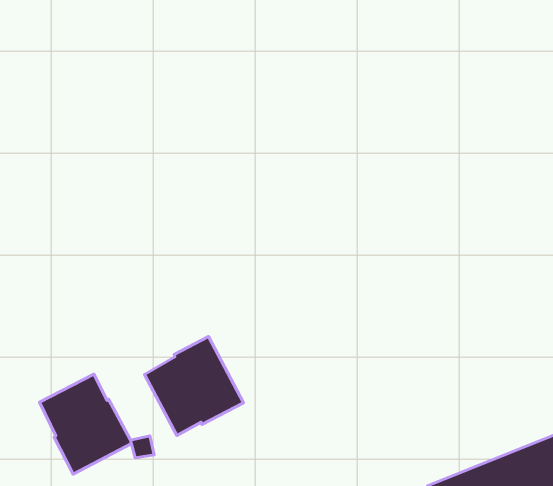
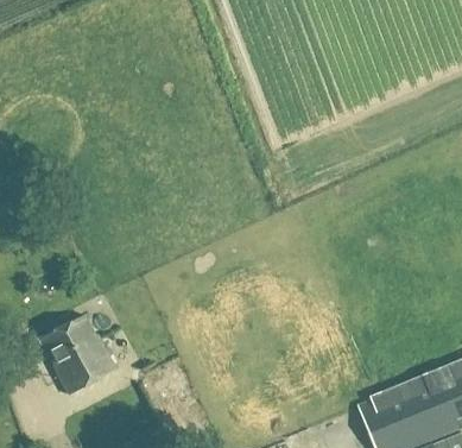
building: [144,336,243,436] -> none

